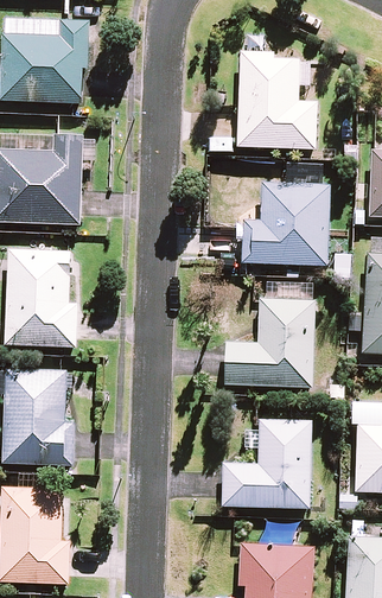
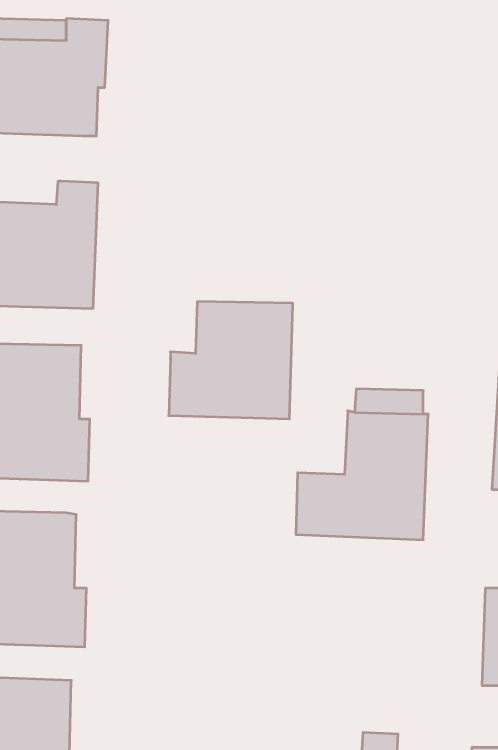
building: [237,51,318,150] -> none
building: [242,183,330,266] -> [169,302,293,419]
building: [221,419,313,508] -> none

